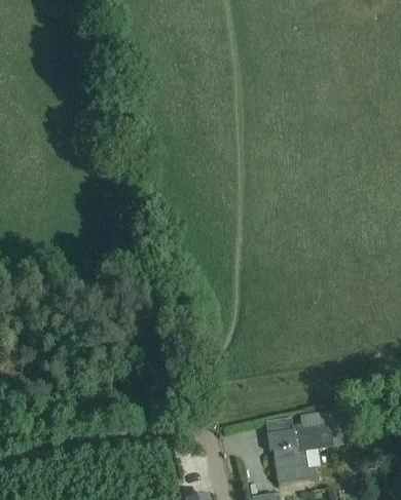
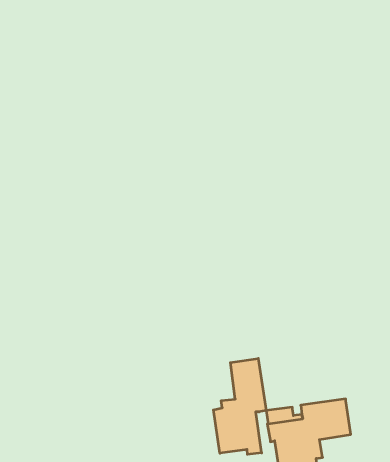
building: none -> [213,358,266,454]

